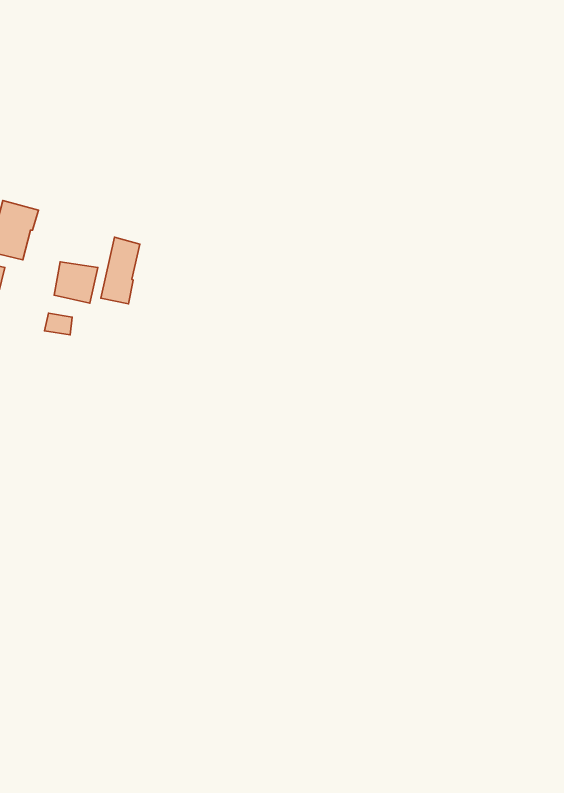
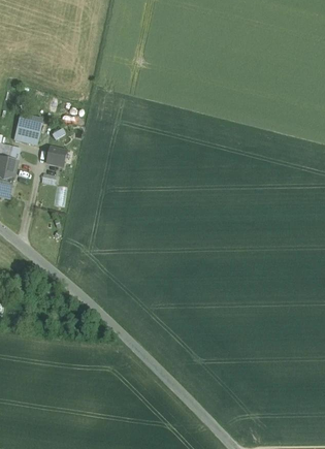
building: [101,237,140,304] -> none

